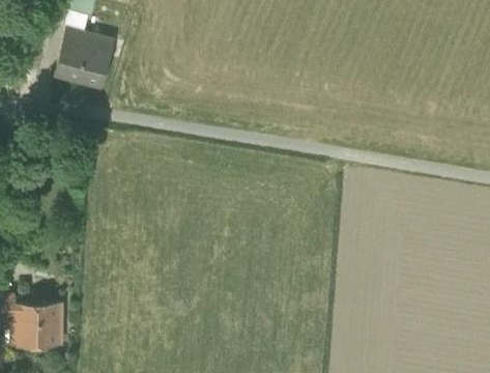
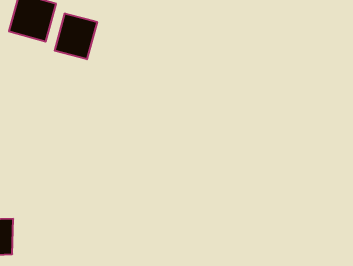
building: none -> [55,13,97,59]

